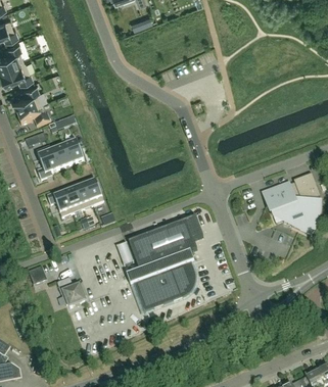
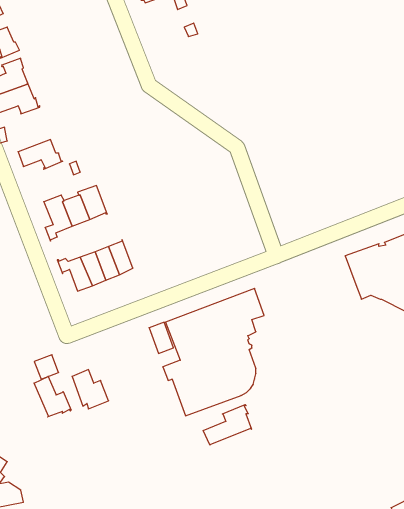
building: [12,87,42,115] -> none
building: none -> [34,376,71,417]
building: none -> [203,405,251,445]

